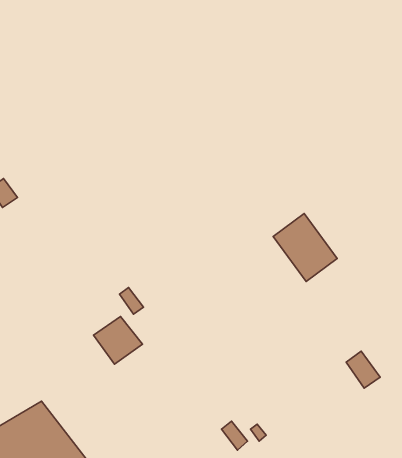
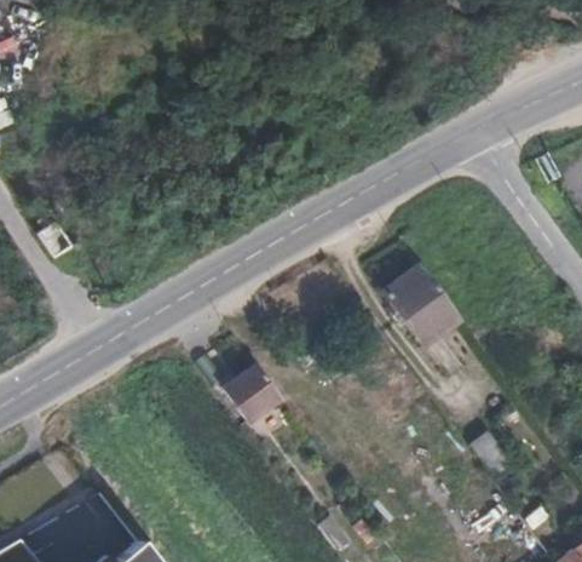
building: [93,316,142,364] -> [223,365,282,423]

